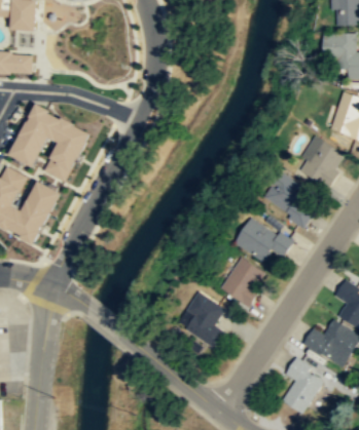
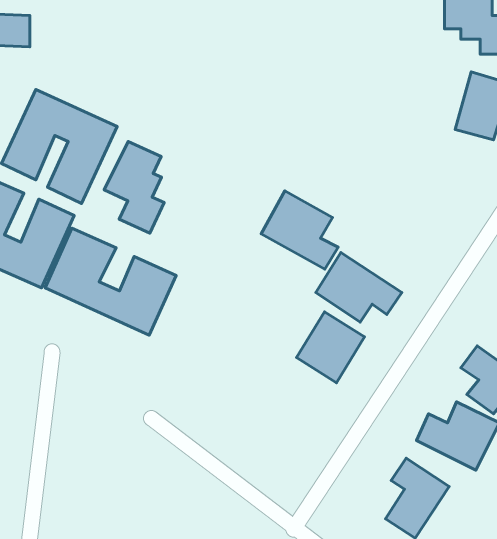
building: [295,136,347,188] -> none
building: none -> [104,141,164,233]
building: [261,172,315,227] -> [261,191,338,269]
building: none -> [45,228,176,335]
building: [176,292,223,348] -> none

